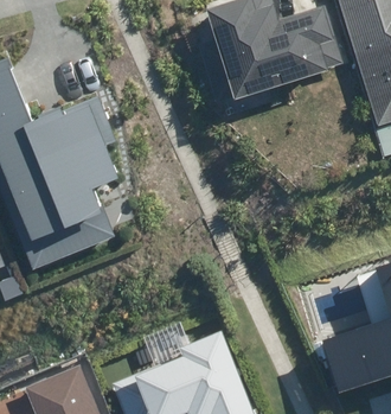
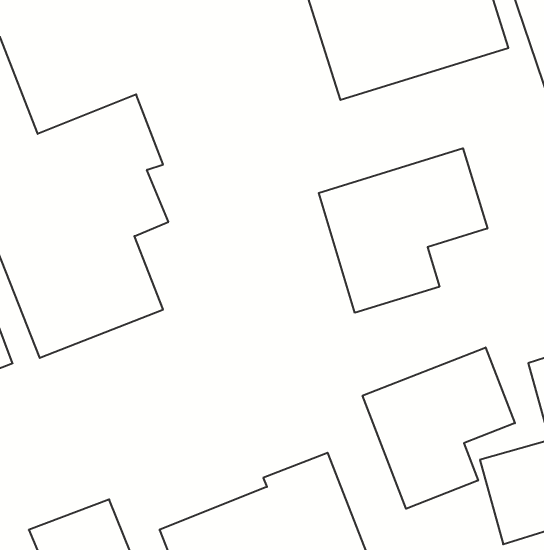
building: none -> [319,148,487,313]
building: none -> [363,347,515,509]

